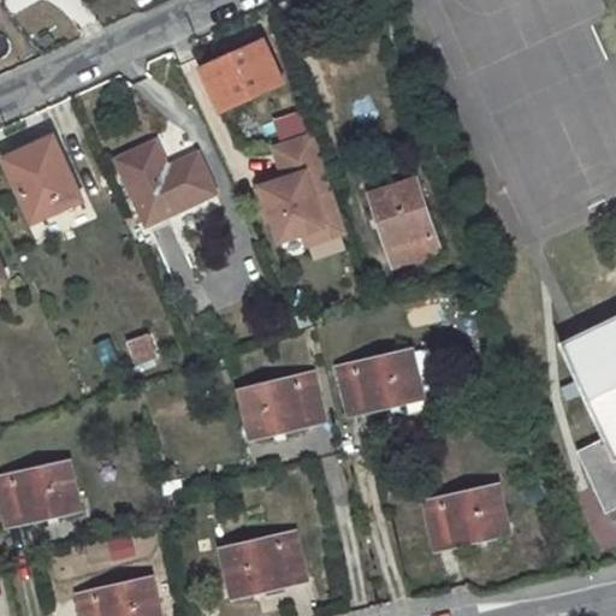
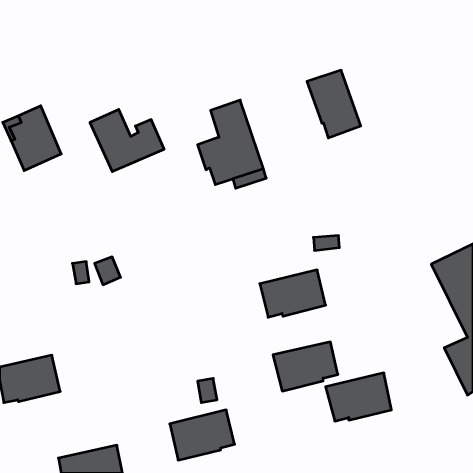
building: [201,41,280,112] -> none
building: [368,179,438,267] -> [307,70,361,138]
building: [238,374,322,438] -> [273,342,338,391]

